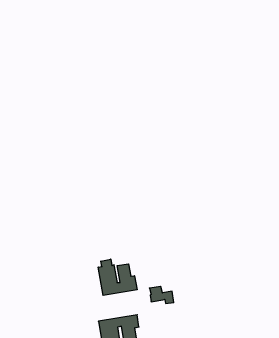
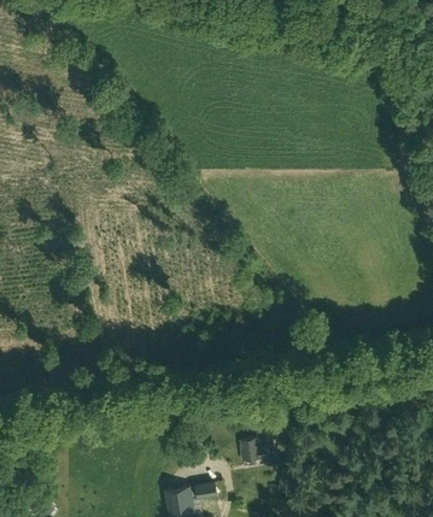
building: [98,259,137,295] -> none

